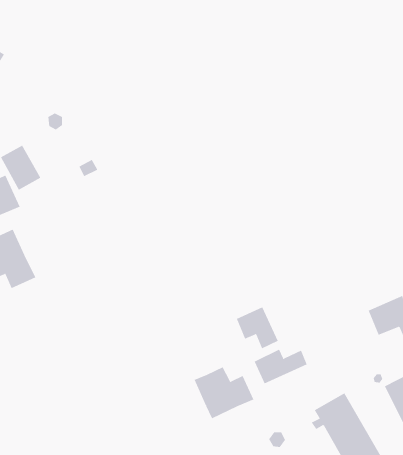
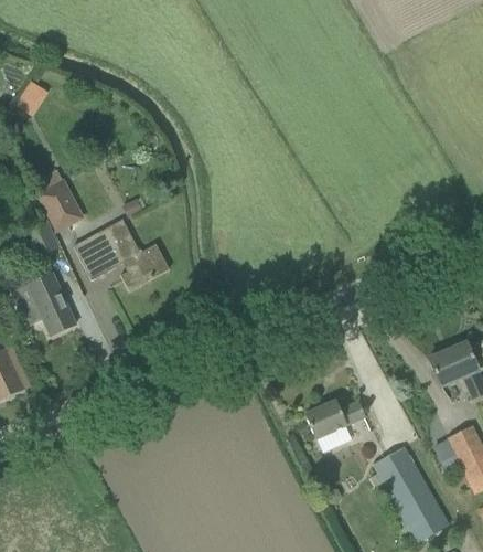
building: none -> [73,220,169,290]
building: [236,306,278,349] -> none
building: [194,366,254,419] -> none

